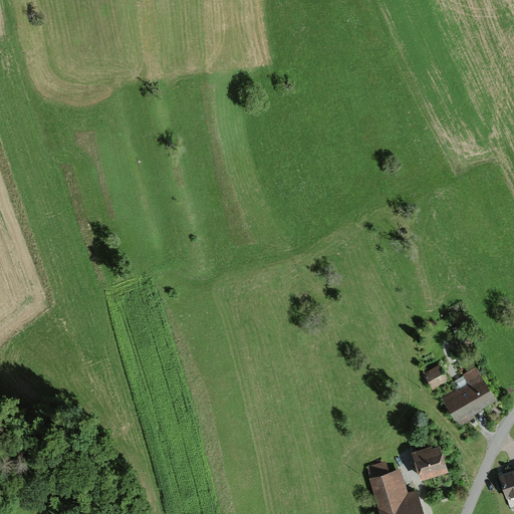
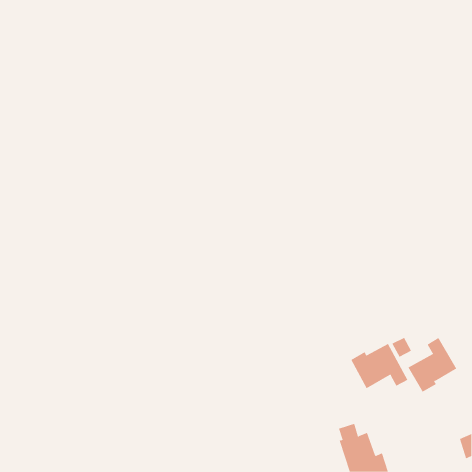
building: none -> [351,343,408,389]
building: [414,449,445,478] -> none

